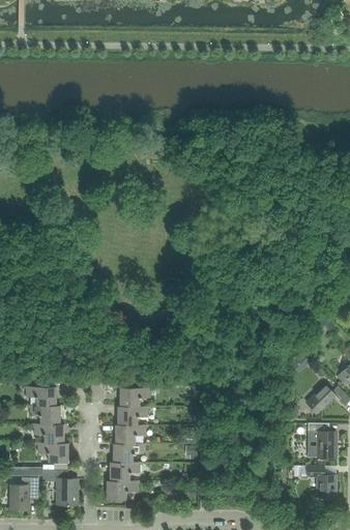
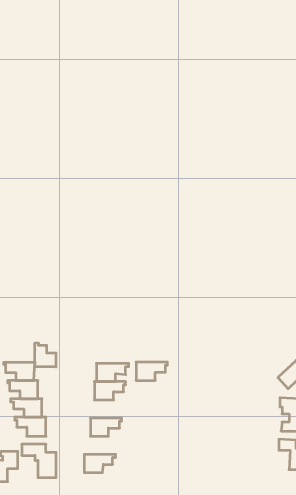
building: none -> [35,343,56,367]
building: [115,424,147,443] -> [136,362,167,380]
building: [110,462,142,480] -> none

